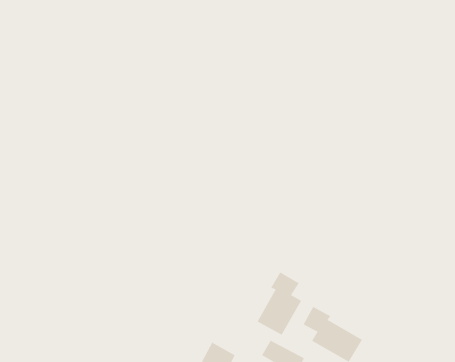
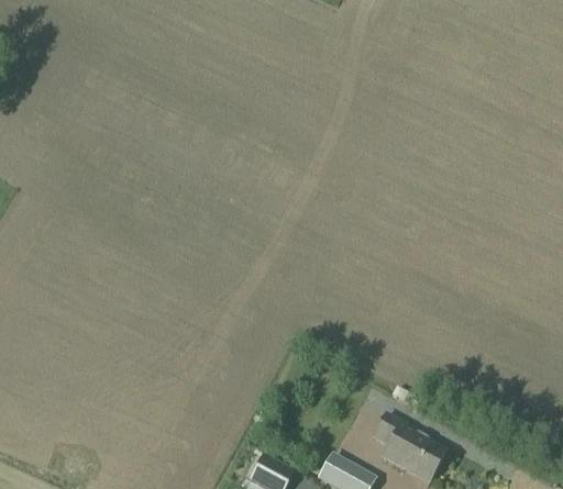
building: [257,272,302,335] -> none

